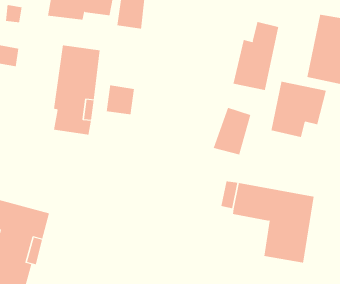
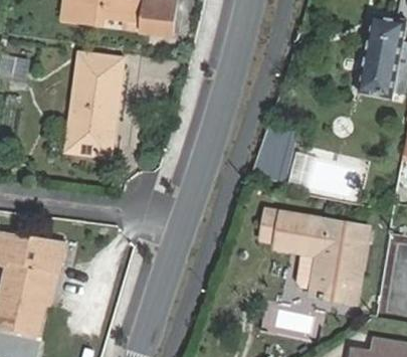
building: [233,21,279,91] -> none
building: [271,81,327,138] -> none
building: [106,84,134,115] -> none

